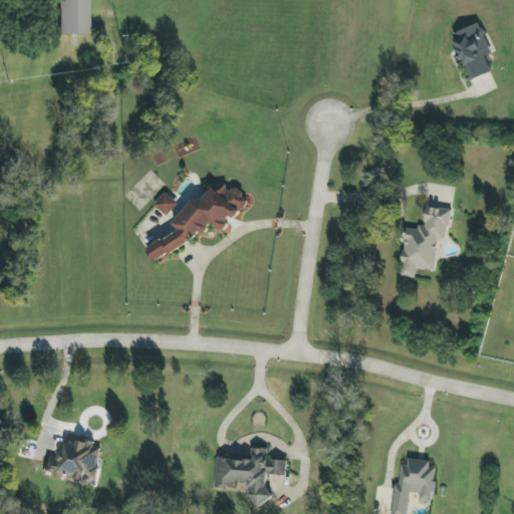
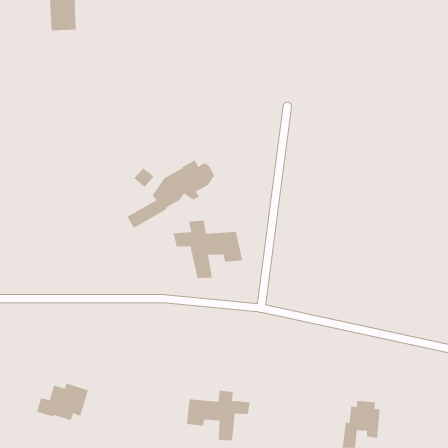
building: [450,22,492,81] -> none
building: [399,205,451,277] -> none
building: none -> [173,220,243,279]

